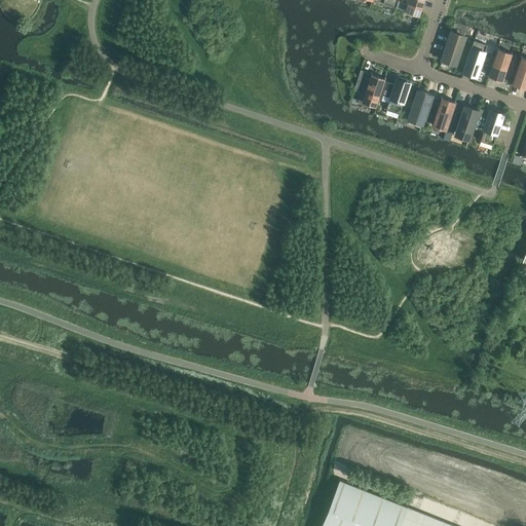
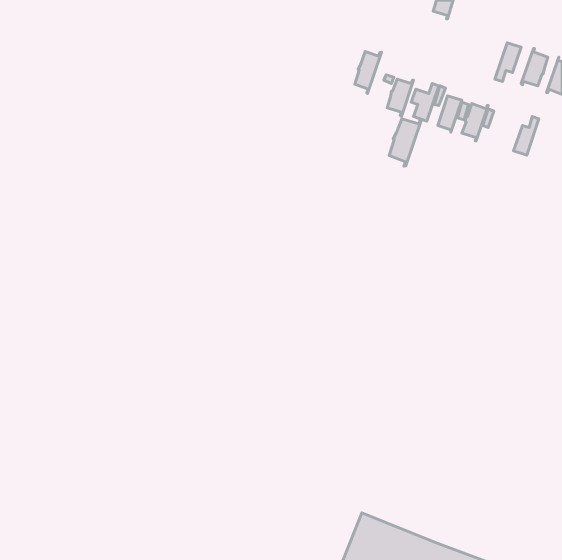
building: [442,32,464,67] -> none
building: none -> [355,51,381,94]
building: [455,107,479,142] -> none
building: none -> [389,119,421,166]

